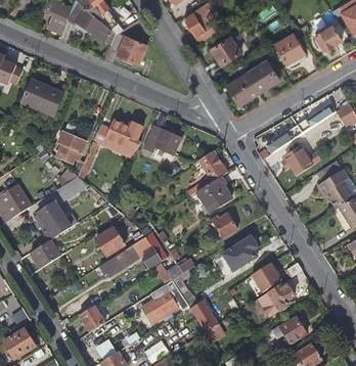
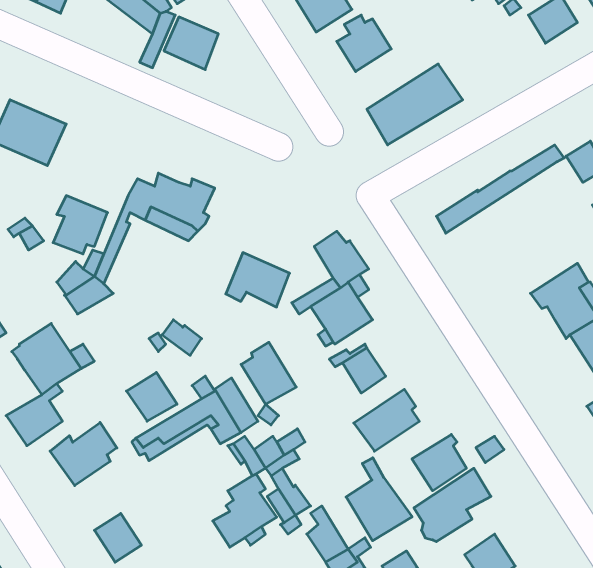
building: [275,33,306,63] -> none
building: [146,126,181,155] -> [226,253,290,307]
building: [281,145,319,174] -> none
building: none -> [241,342,296,404]
building: none -> [50,422,117,486]
building: none -> [346,458,412,541]

